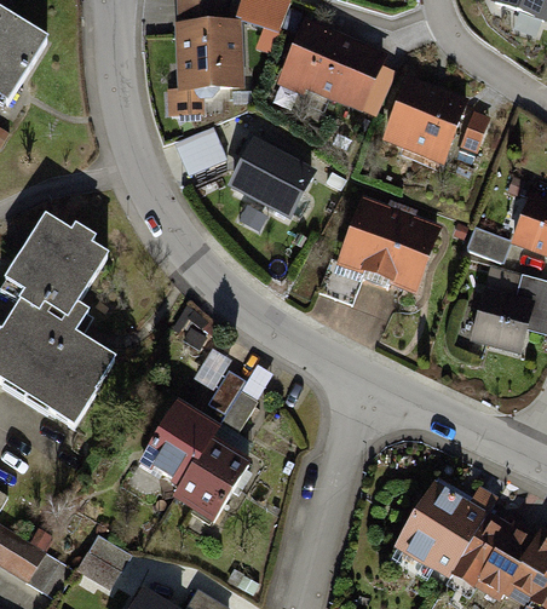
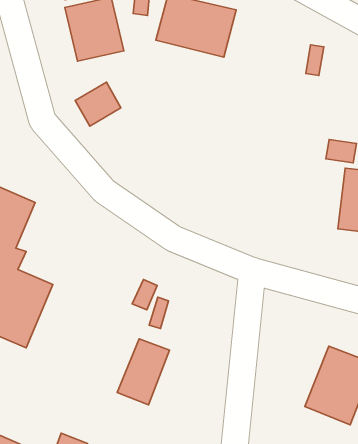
building: [390,79,466,155] -> none
building: [225,132,317,217] -> none
building: [342,205,433,292] -> none
building: [143,406,213,488] -> none

